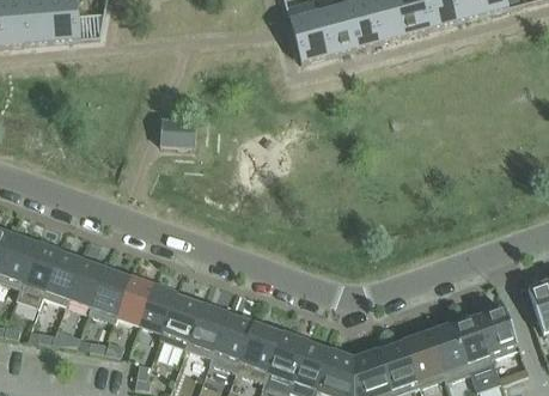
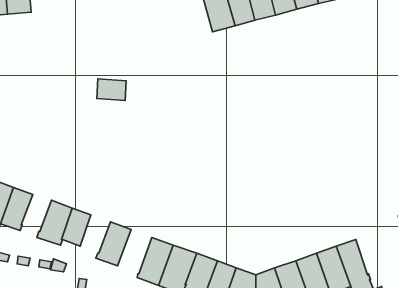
building: [68,260,105,305] -> none
building: [140,285,177,331] -> none
building: [185,303,227,357] -> none
building: [476,305,519,358] -> none

